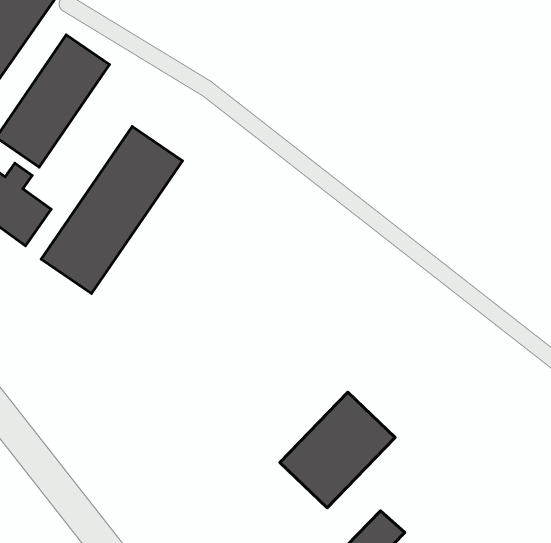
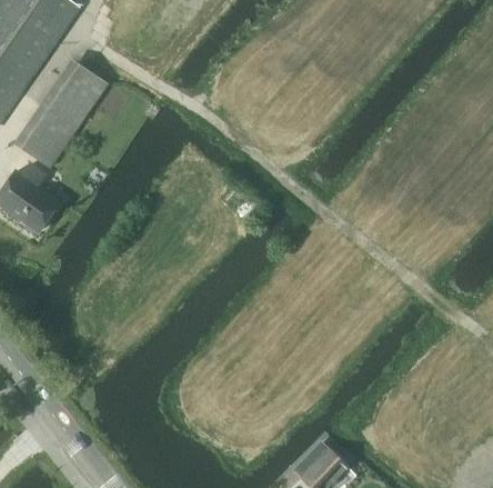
building: [41,126,183,294] -> none
building: [280,392,395,508] -> none

